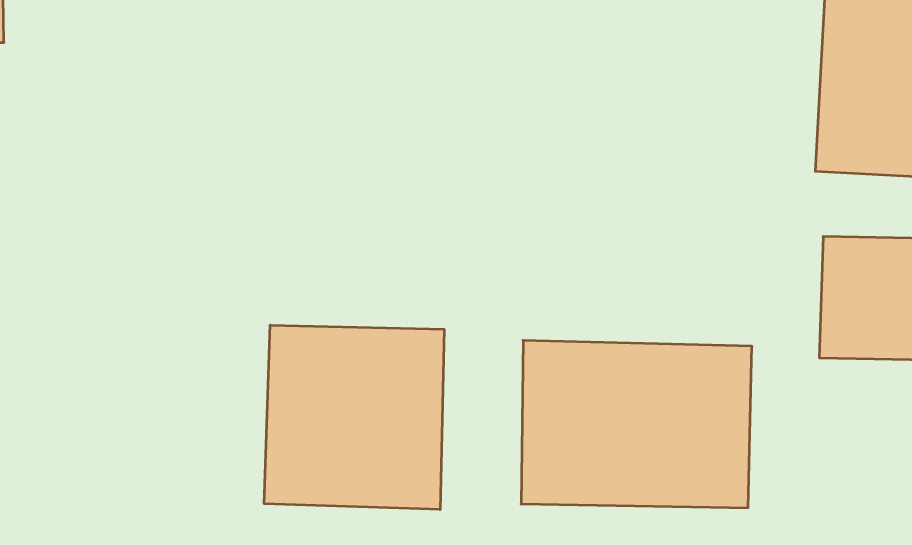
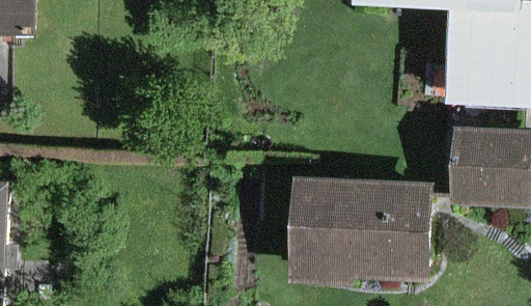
building: [264,325,444,510] -> none

